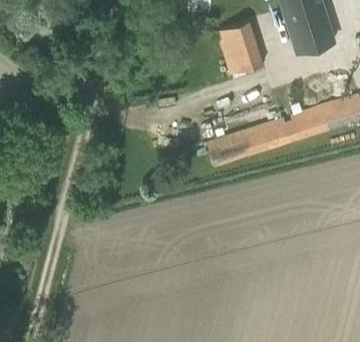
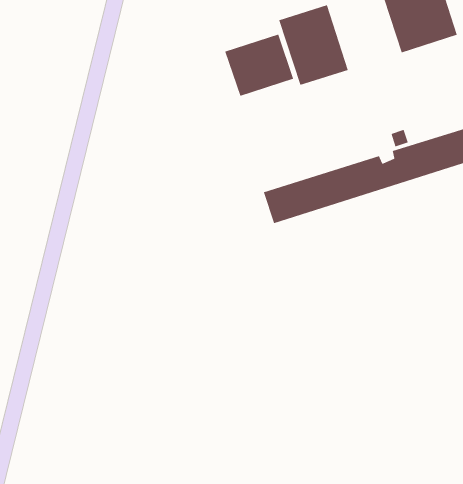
building: none -> [224,34,294,97]

